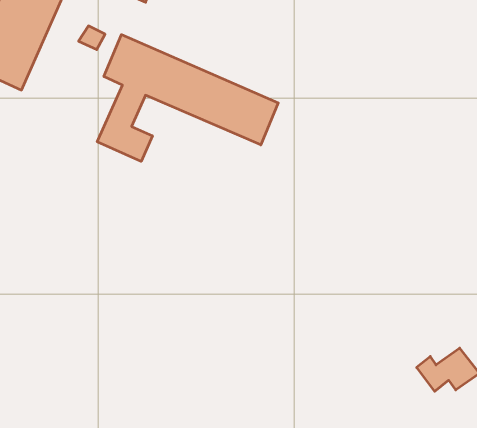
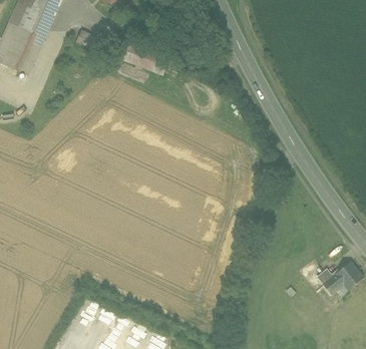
building: [97,35,278,161] -> none

